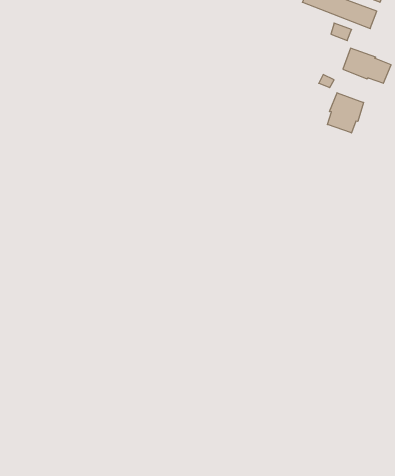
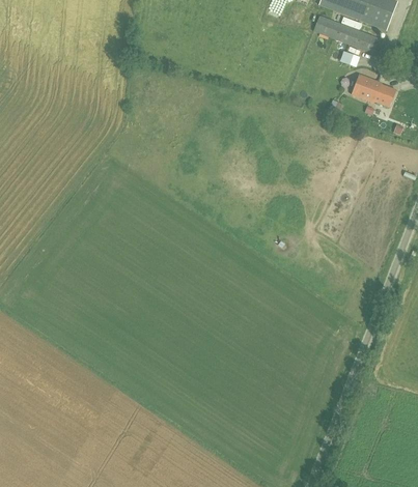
building: [327,93,364,133] -> none

